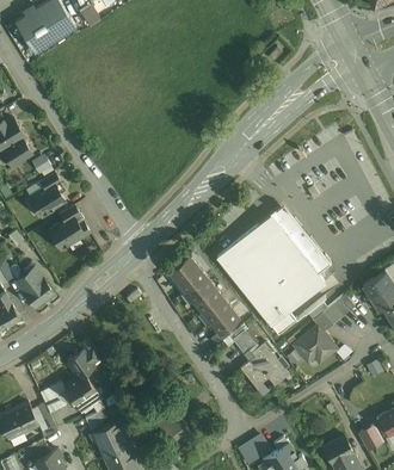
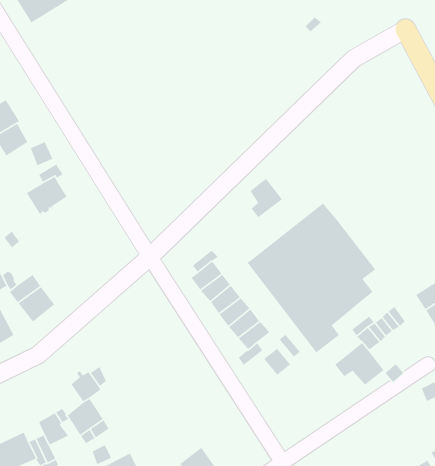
building: none -> [249,178,283,218]
building: [48,216,90,249] -> none
building: [240,342,289,386] -> none

